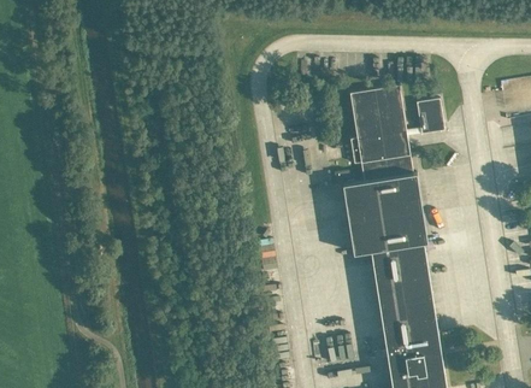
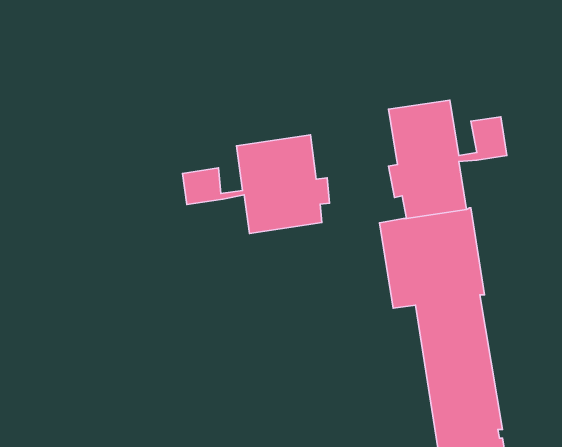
building: none -> [182,135,329,233]

